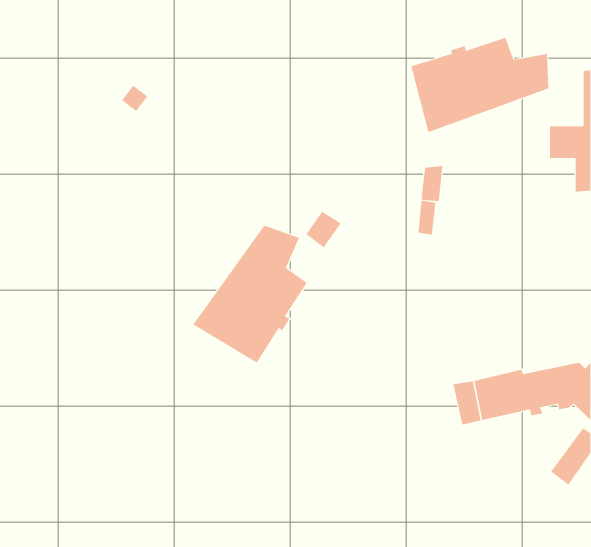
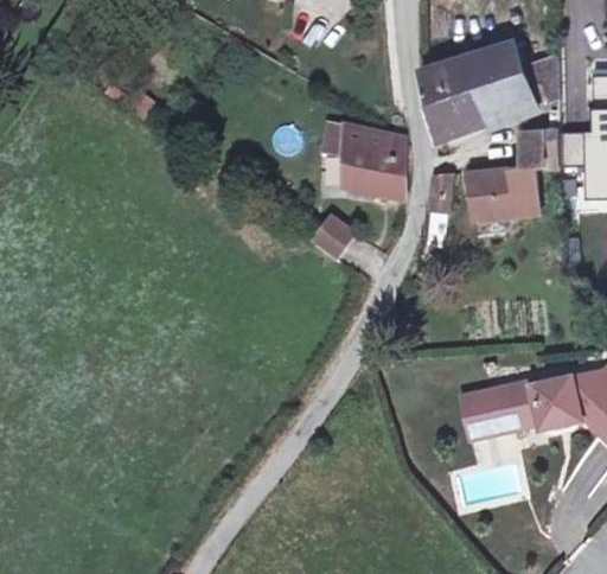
building: none -> [324,126,403,199]
building: none -> [471,130,560,218]
building: [193,225,307,363] -> none

